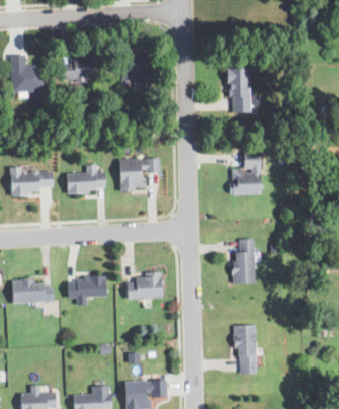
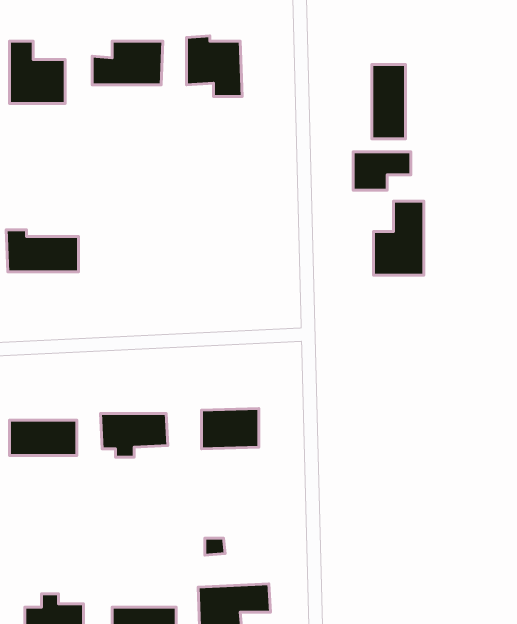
building: none -> [353,152,411,190]
building: [119,158,161,189] -> none
building: [67,165,106,192] -> none
building: [233,239,255,283] -> none
building: [237,325,257,374] -> none

